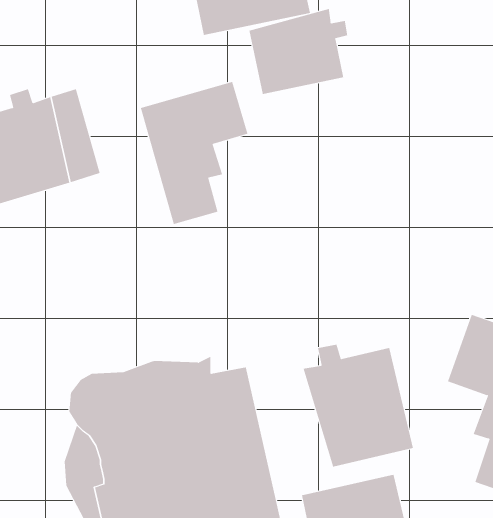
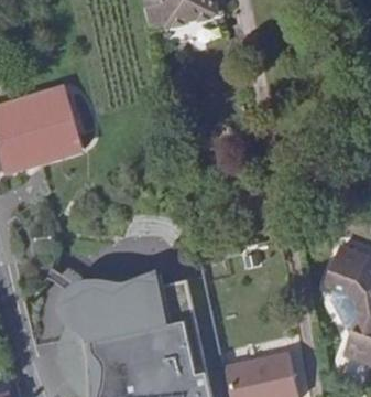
building: [249,8,348,95] -> none
building: [140,81,248,225] -> none
building: [303,344,413,468] -> none

